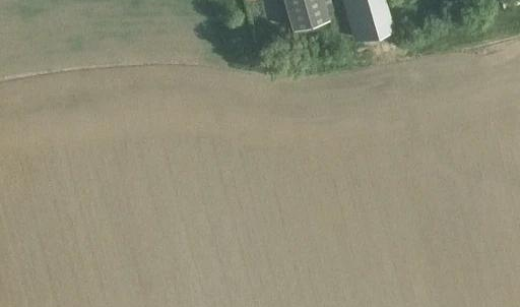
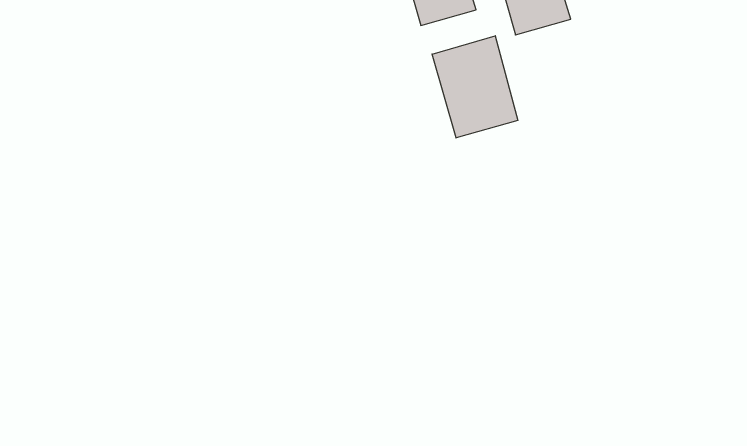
building: none -> [432,36,518,138]

